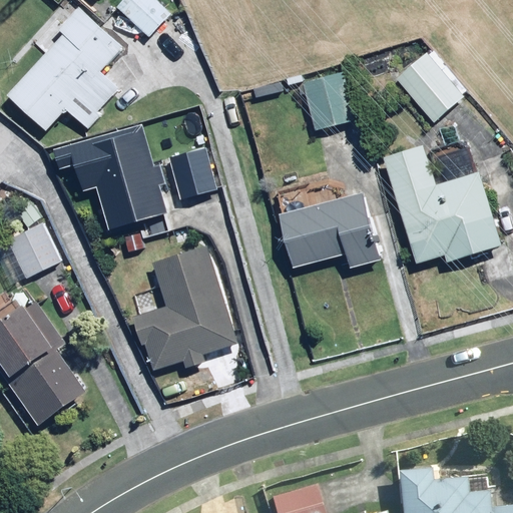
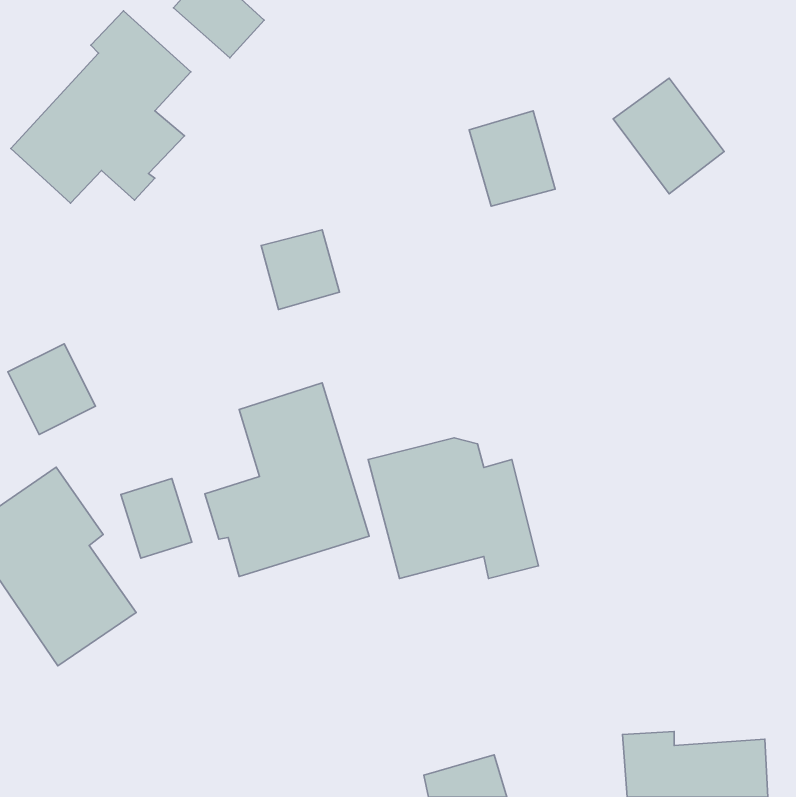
building: [53,125,166,228] -> none
building: [384,145,502,263] -> none
building: [272,178,381,269] -> [368,438,539,578]
building: none -> [121,478,192,558]

